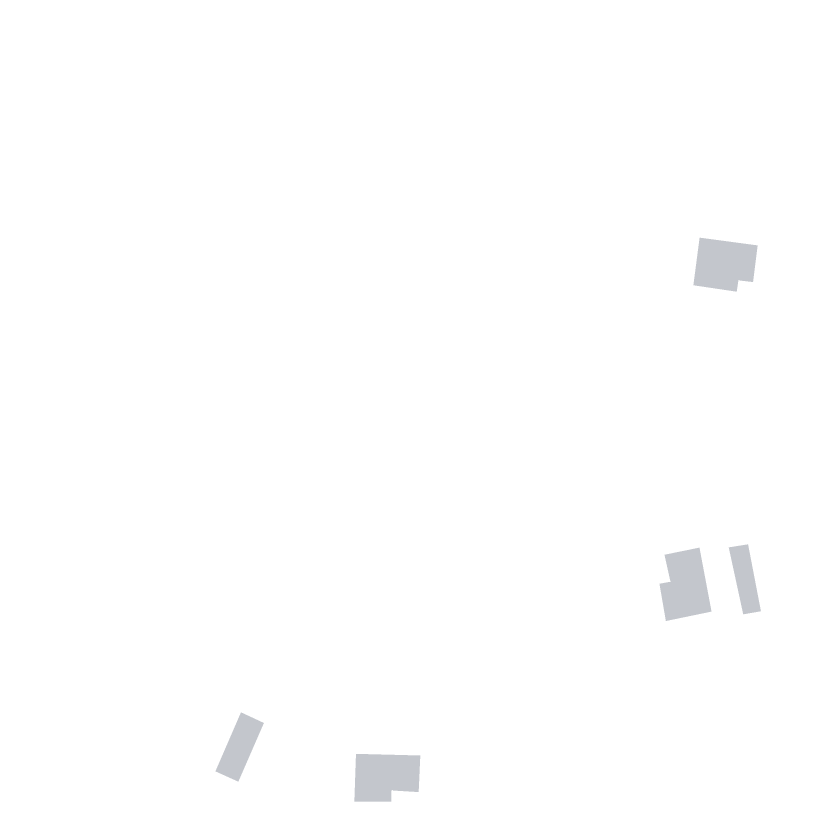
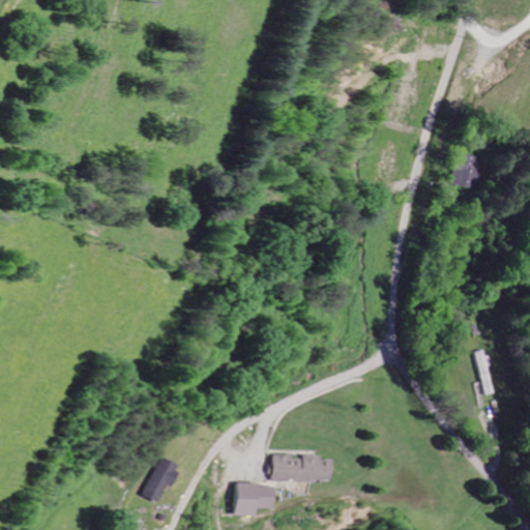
building: [659,547,712,622] -> none
building: none -> [271,453,335,481]

